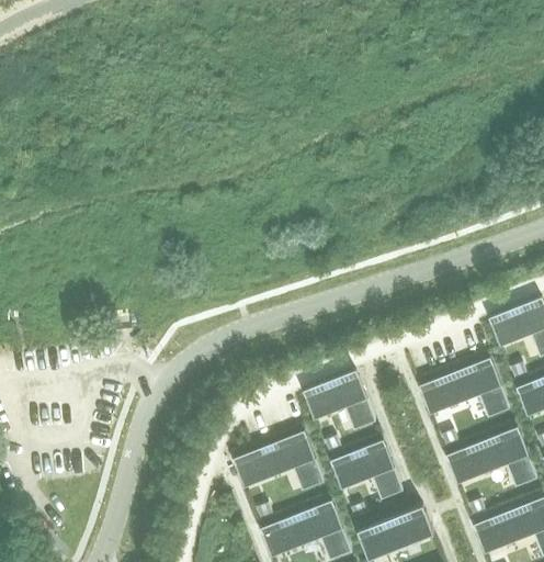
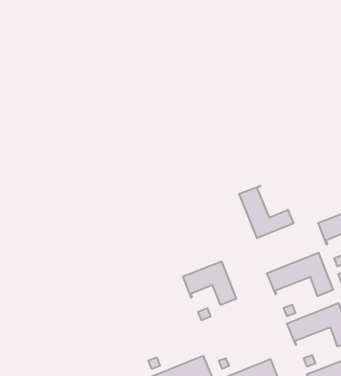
building: none -> [239,186,293,238]
building: [234,432,325,492] -> none
building: [330,441,404,501] -> none

